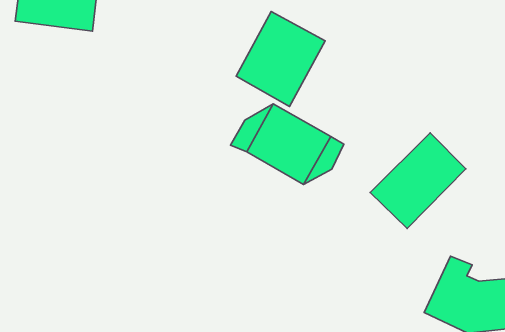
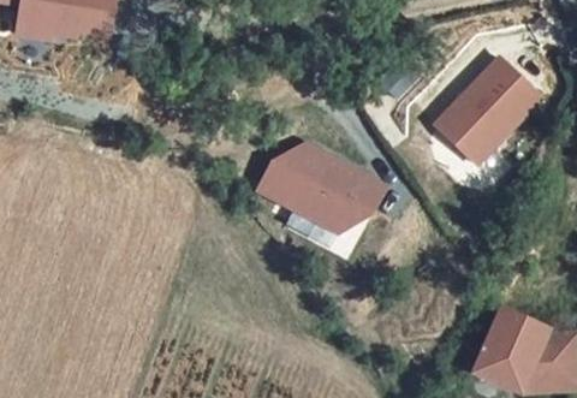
building: [236,11,325,106] -> none
building: [370,133,466,229] -> [436,55,542,161]

